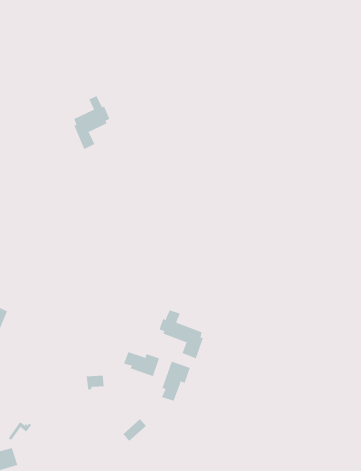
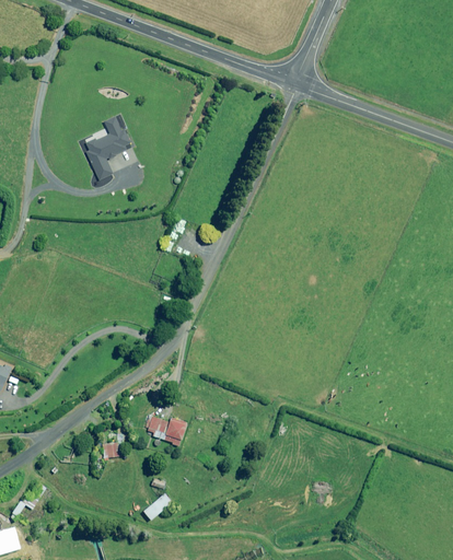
building: [159,309,203,359] -> none
building: [161,361,191,402] -> none

